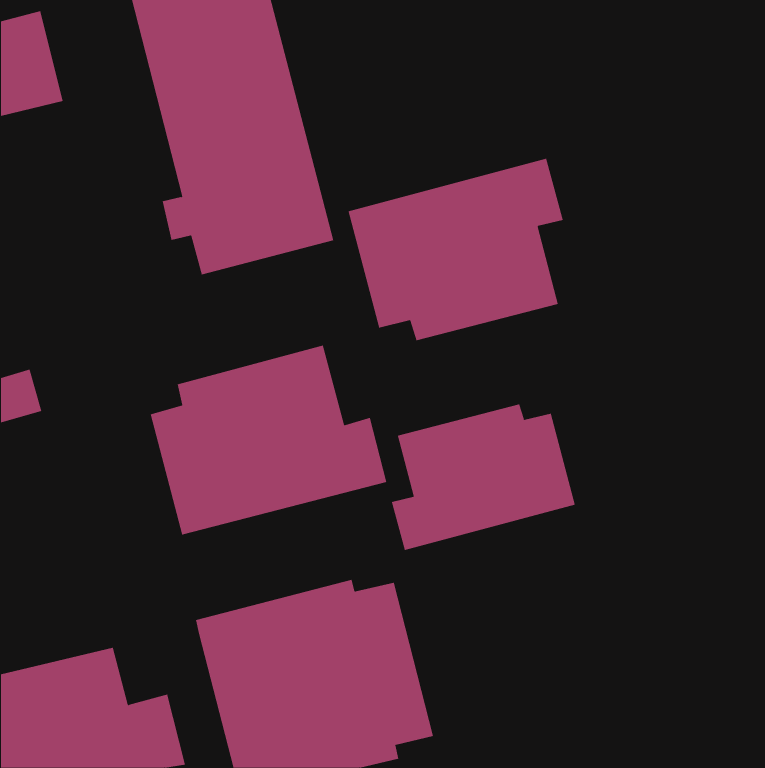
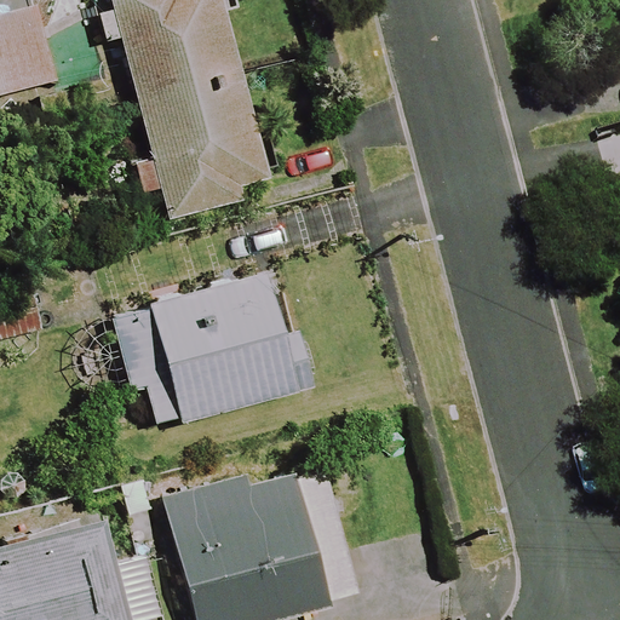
building: [348,158,564,341] -> none
building: [391,404,575,551] -> none

